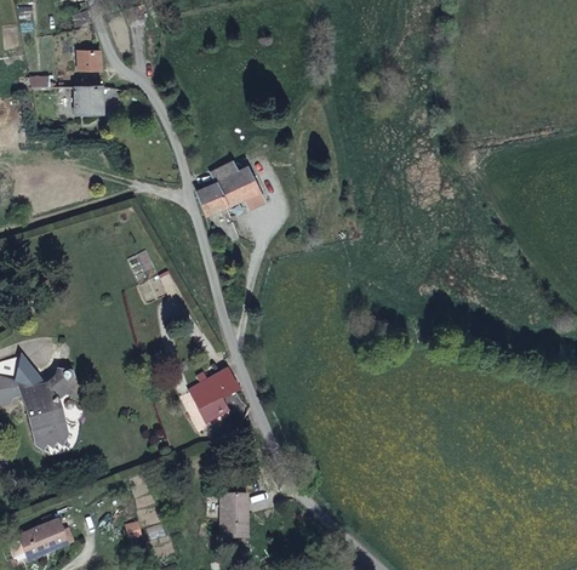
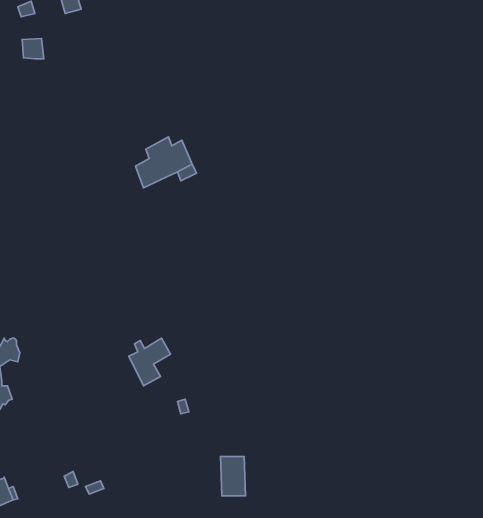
building: [74,86,102,113] -> none
building: [221,495,247,537] -> [221,456,245,496]

